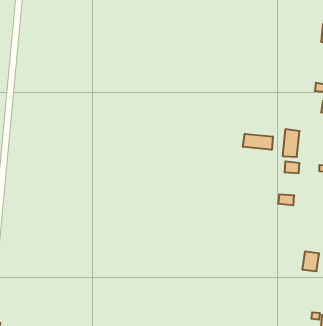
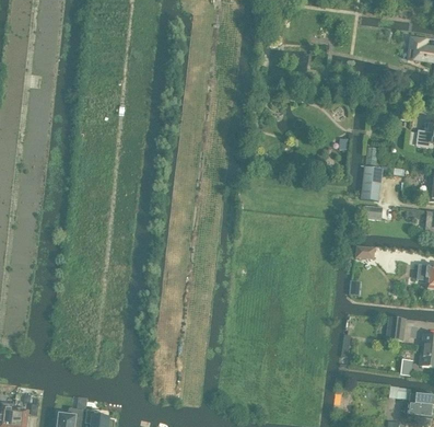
building: [243,134,273,150] -> none

